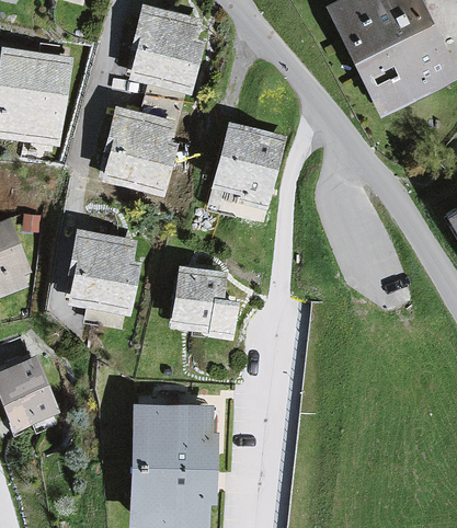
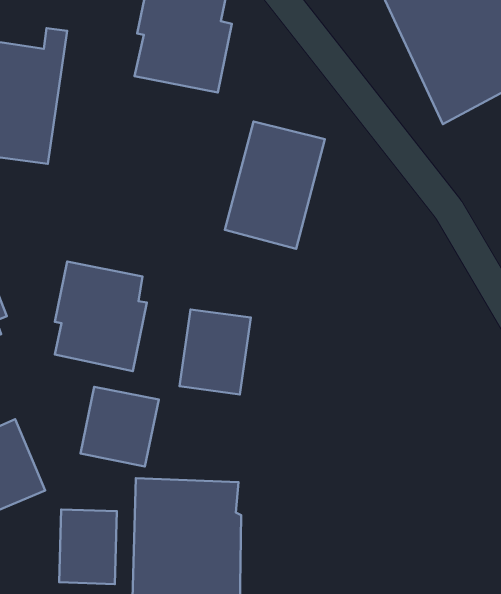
building: [100,105,178,198] -> none
building: none -> [80,387,159,466]
building: none -> [59,509,117,584]

